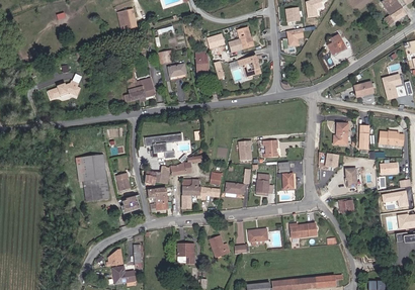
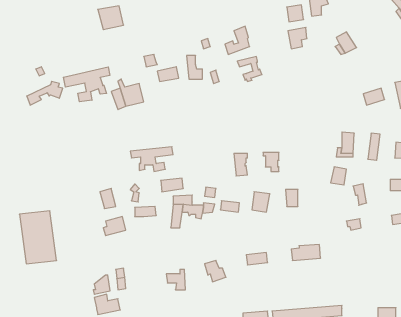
building: none -> [63,67,110,102]
building: [77,155,110,202] -> [19,211,57,264]

